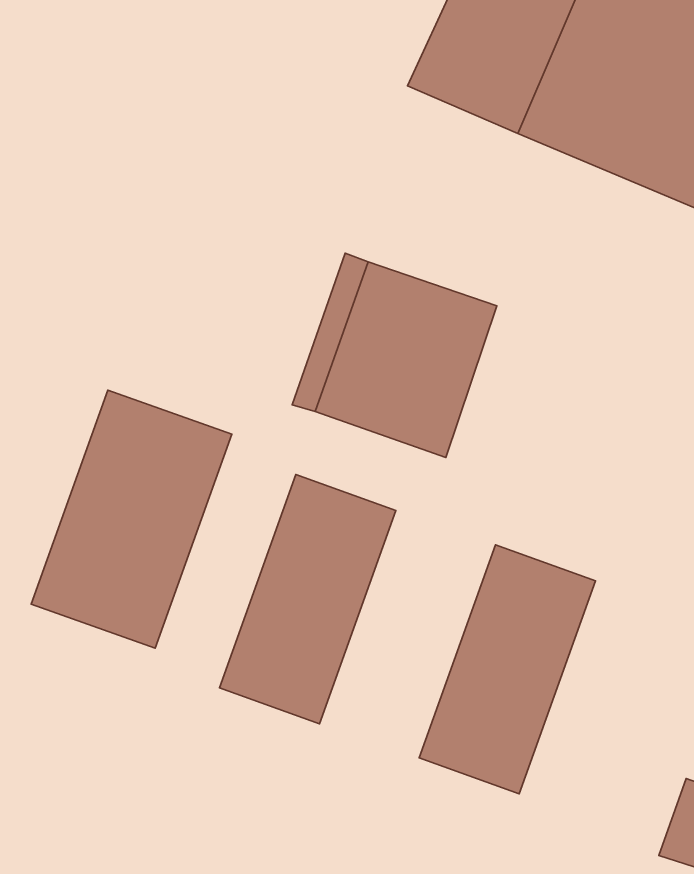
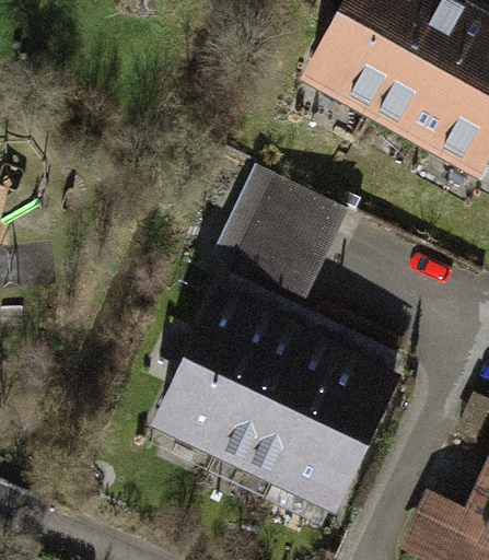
building: [31,390,232,648] -> none
building: none -> [219,326,334,474]

